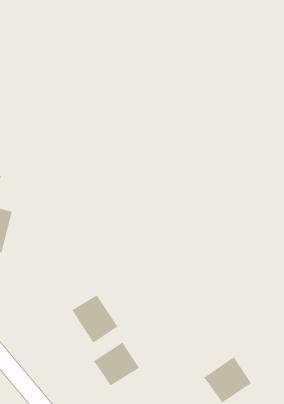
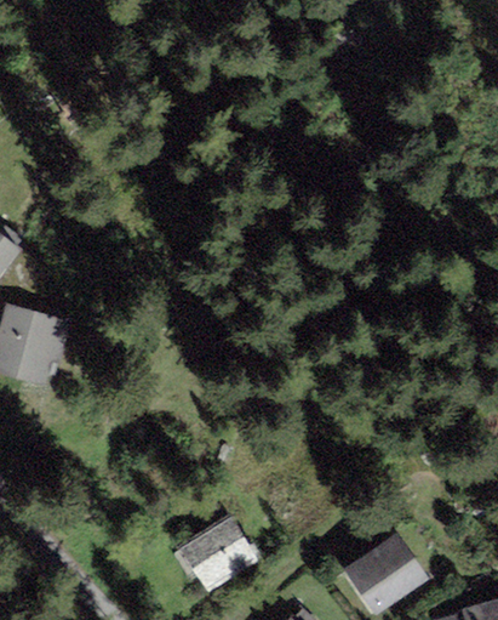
building: [72,294,118,343] -> none

